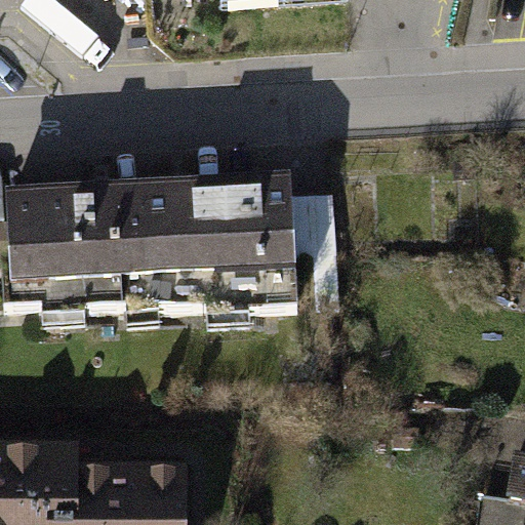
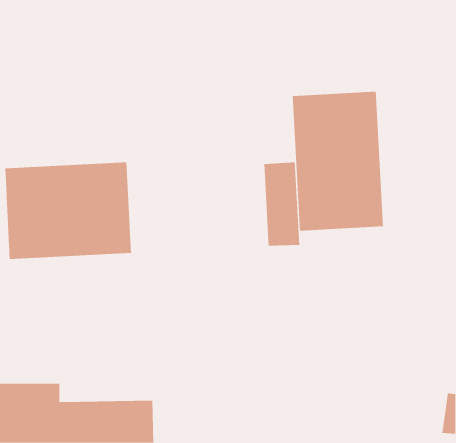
building: none -> [292,91,383,232]
building: [146,178,291,290] -> none

